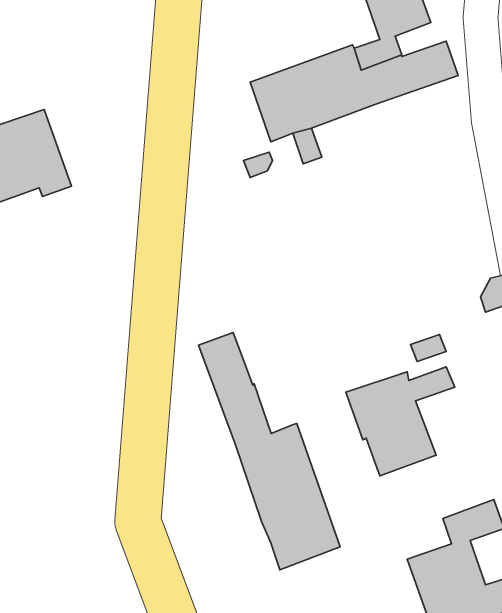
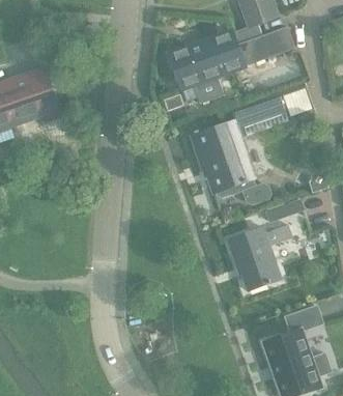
building: none -> [191,82,316,203]
building: [199,332,340,570] -> none

